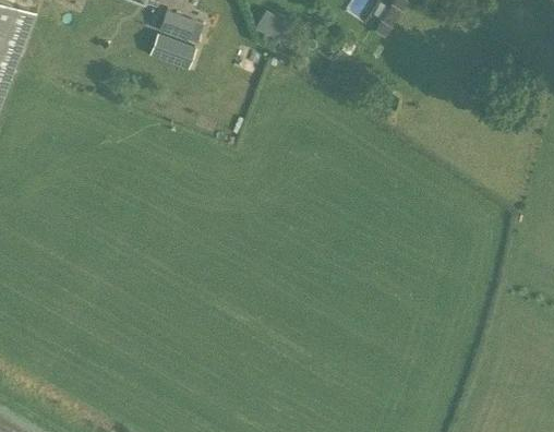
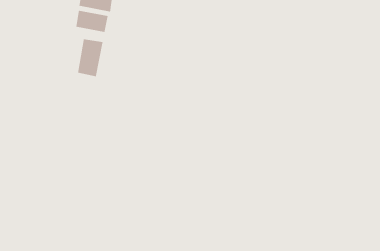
building: none -> [77,38,103,77]

